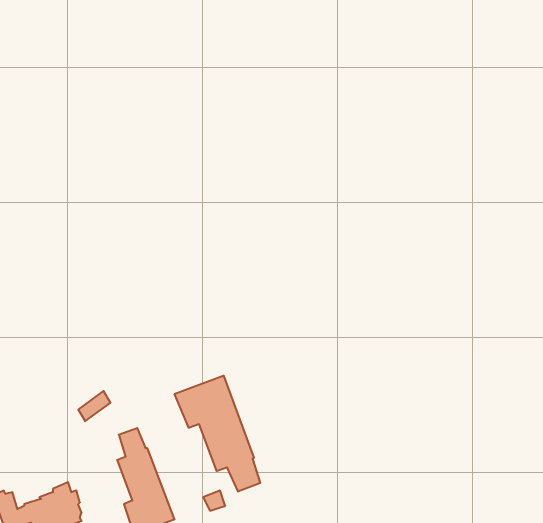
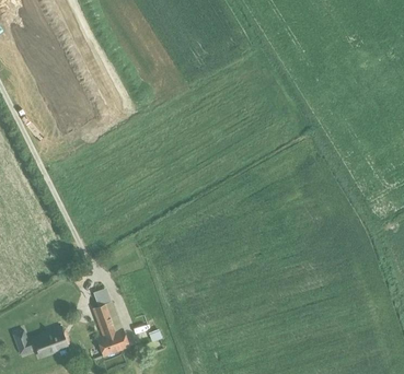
building: [175,376,260,492] -> none

